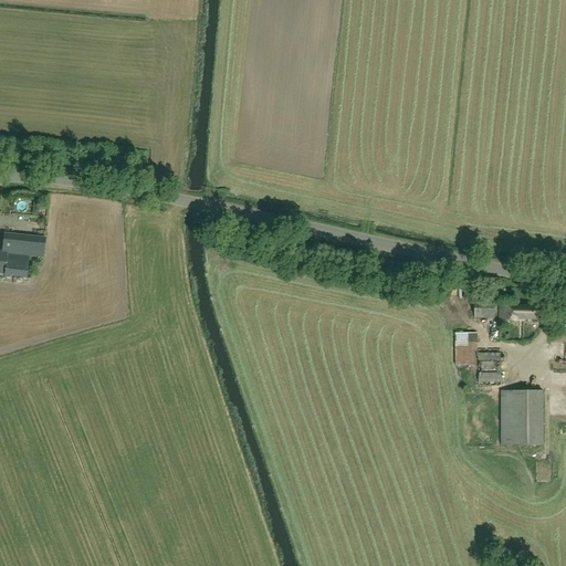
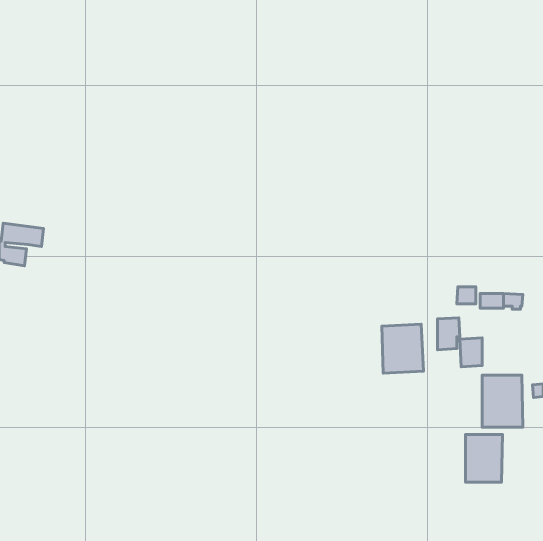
building: none -> [382,324,424,373]
building: none -> [465,435,503,482]

